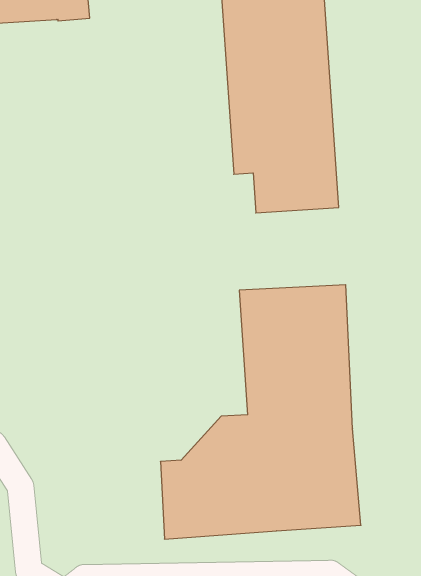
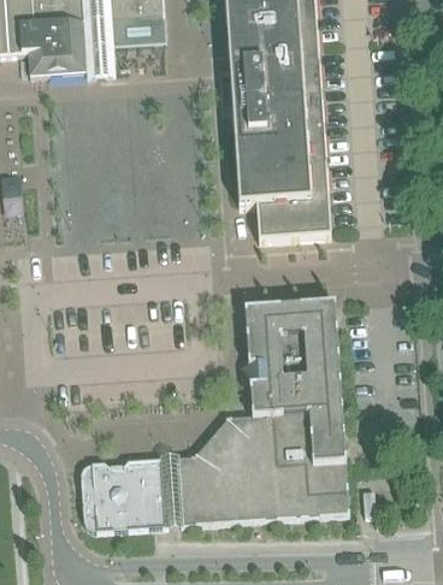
building: none -> [81,459,167,531]

